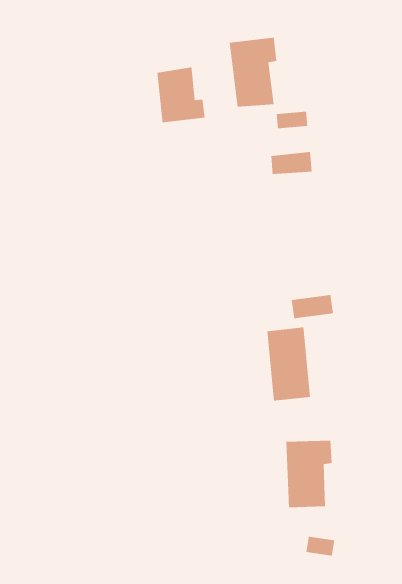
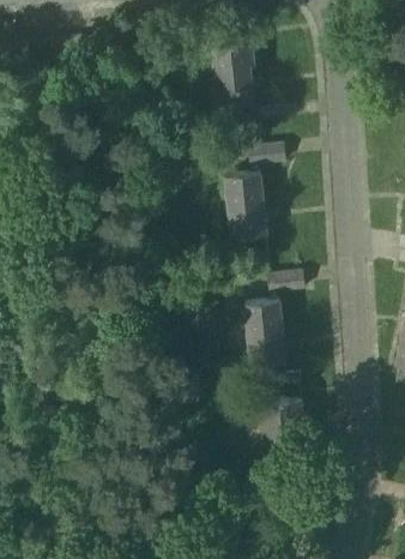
building: [157,67,205,123] -> none
building: none -> [225,172,266,239]

